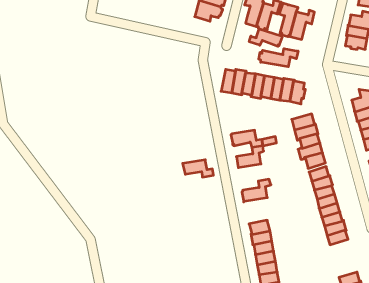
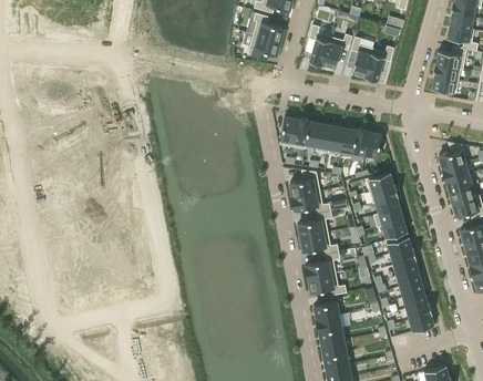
building: [249,29,282,46] -> none
building: [259,49,298,67] -> none
building: none -> [290,169,320,196]
building: [183,160,213,177] -> [300,233,338,254]
building: none -> [308,274,346,295]

